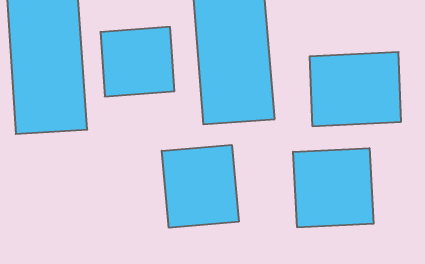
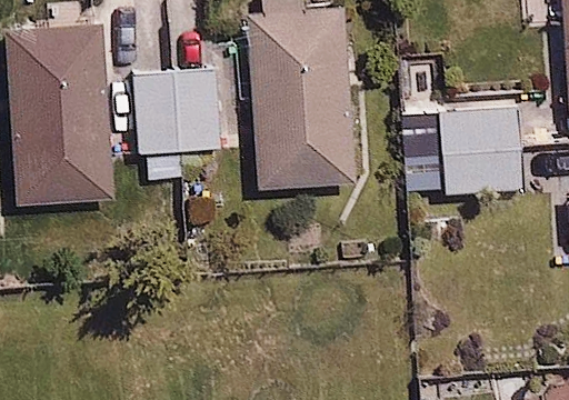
building: [162,145,239,228] -> none
building: [293,148,374,227] -> none

